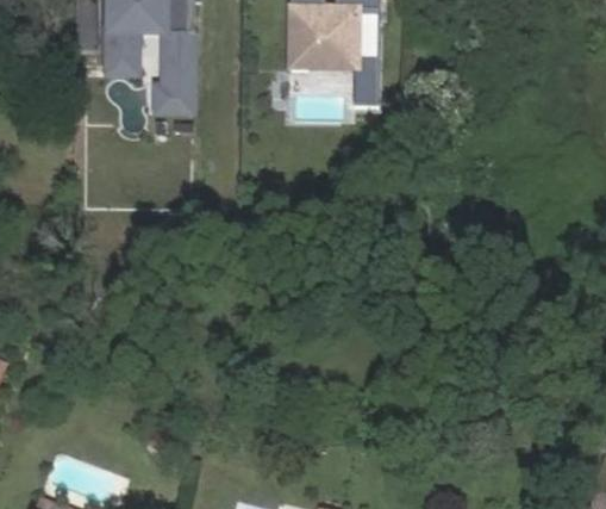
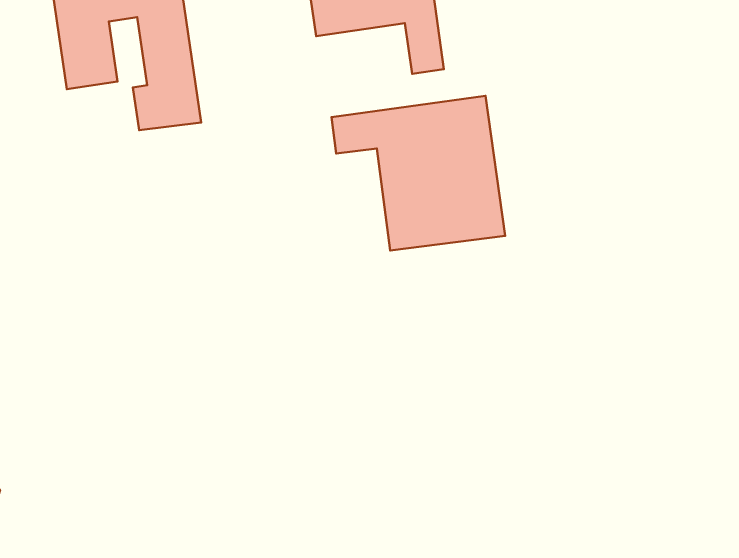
building: none -> [331,96,505,250]

